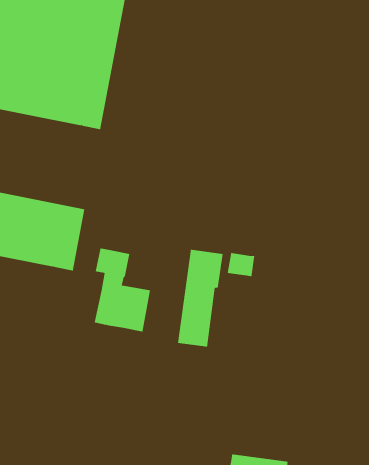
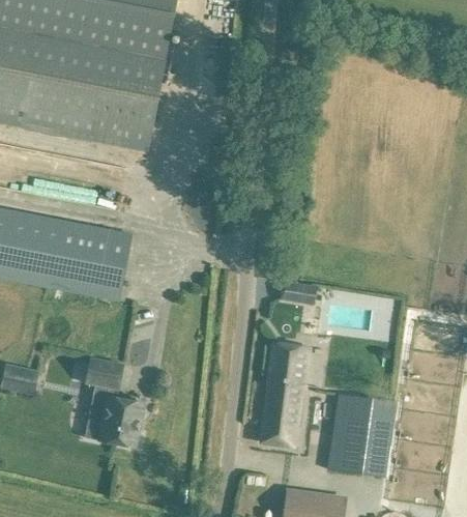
building: [94,248,151,332] -> [85,356,145,446]
building: [177,249,223,347] -> [261,341,310,444]
building: none -> [329,393,397,475]

